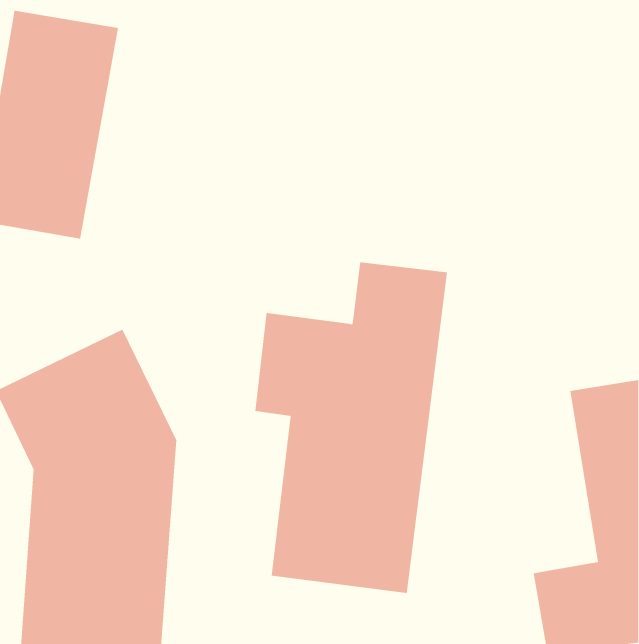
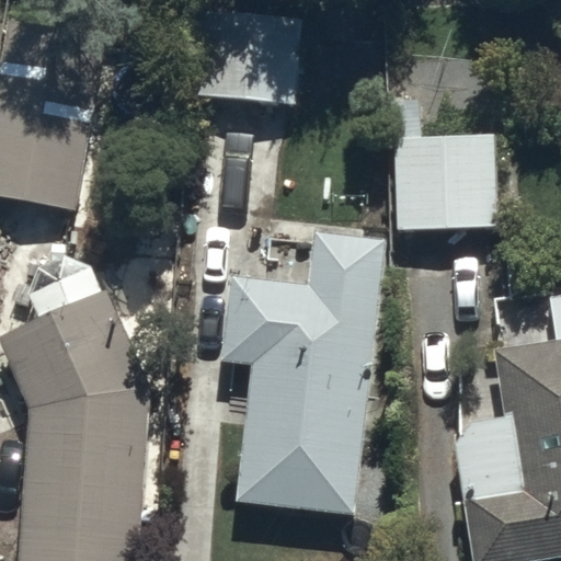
building: none -> [202,13,301,111]
building: none -> [392,134,500,230]

